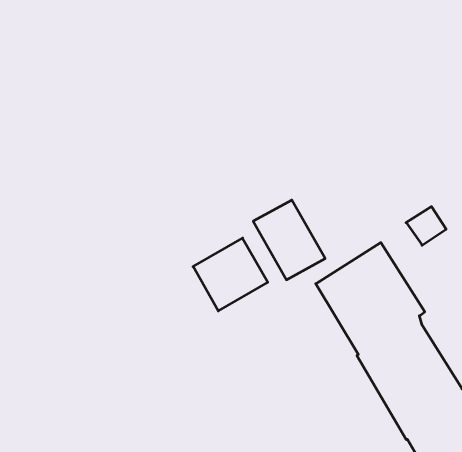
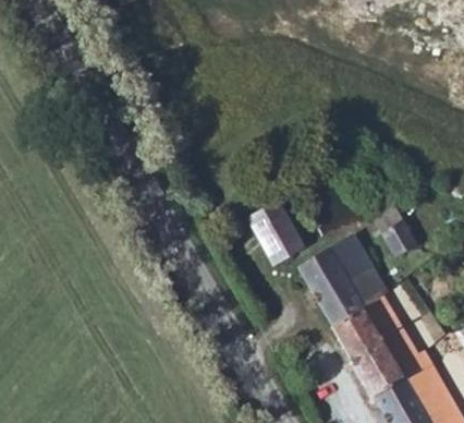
building: [193,238,268,311] -> none

